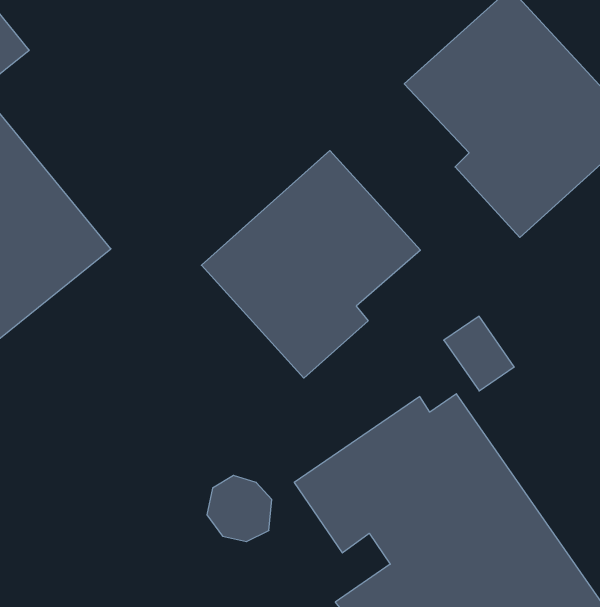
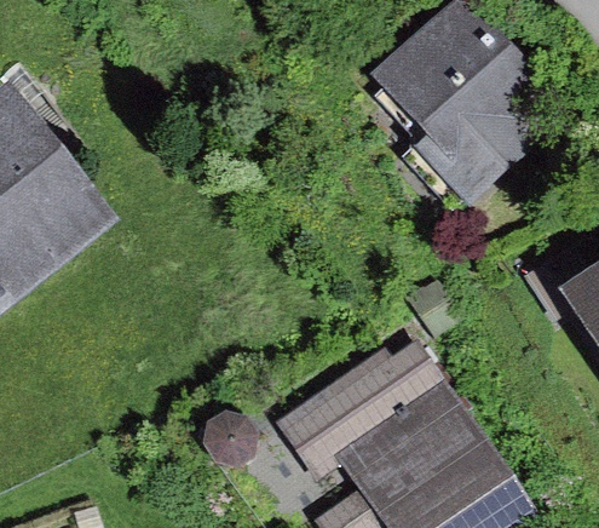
building: [201,151,420,378] -> none

